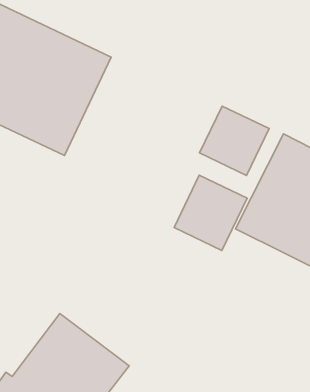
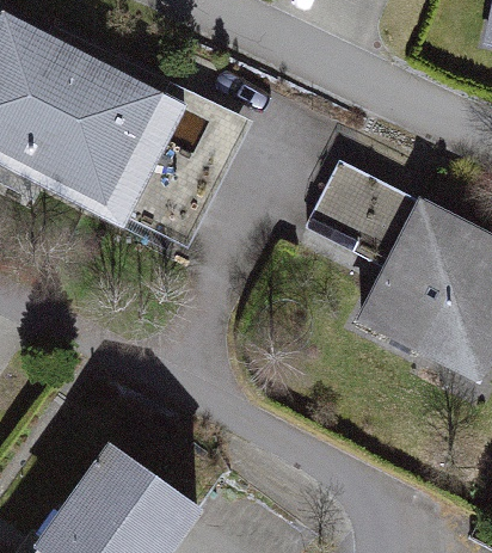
building: [174,175,247,250] -> none

